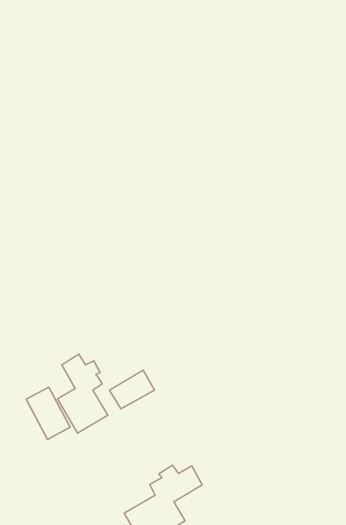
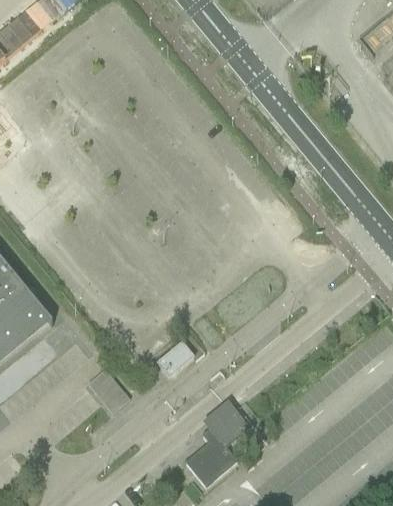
building: [57,354,108,433] -> none

